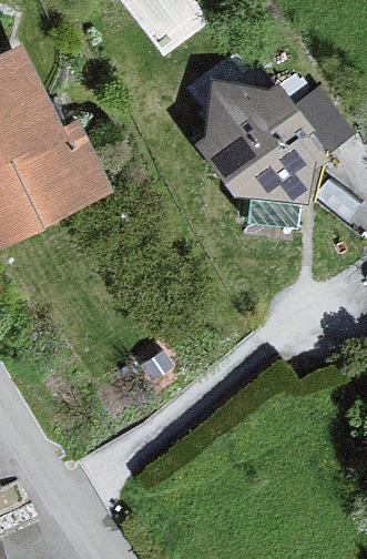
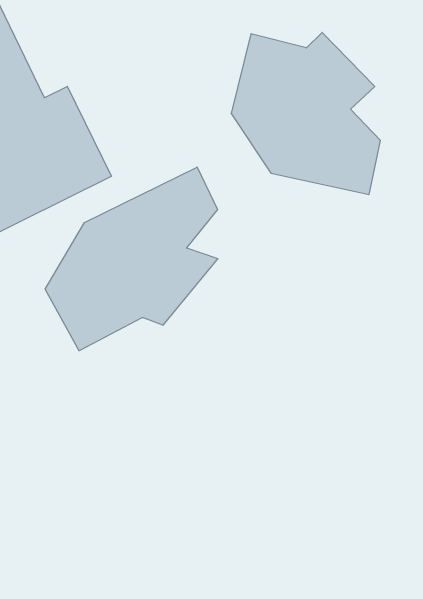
building: none -> [45,167,218,351]

